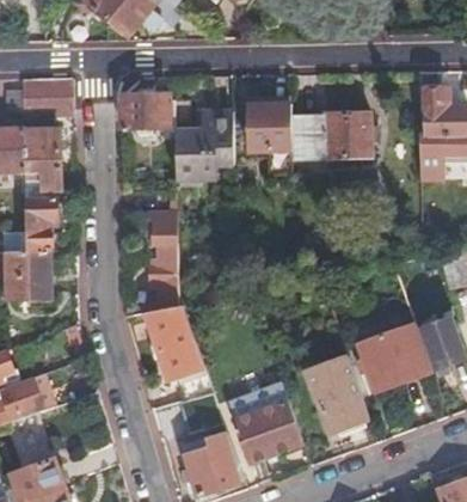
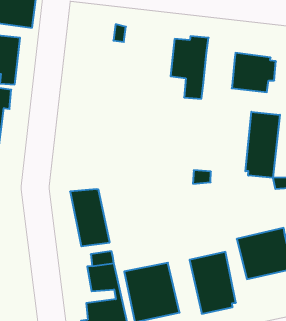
building: [117,93,166,125] -> none
building: [173,111,233,179] -> none
building: [290,117,327,159] -> none
building: none -> [245,112,280,178]
building: [143,210,177,311] -> none

